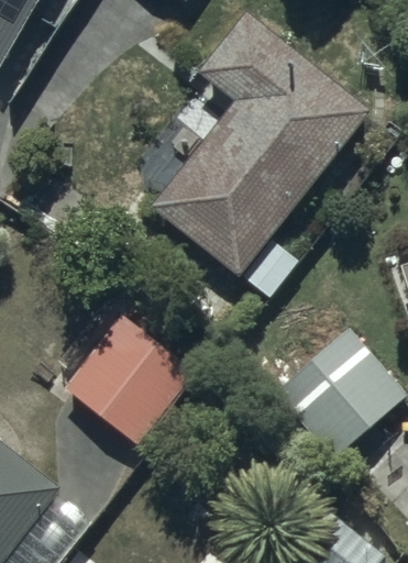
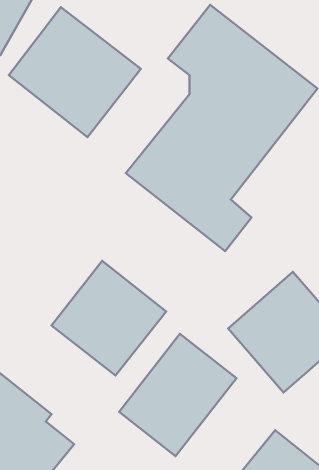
building: none -> [9,7,141,137]
building: none -> [119,334,236,456]

